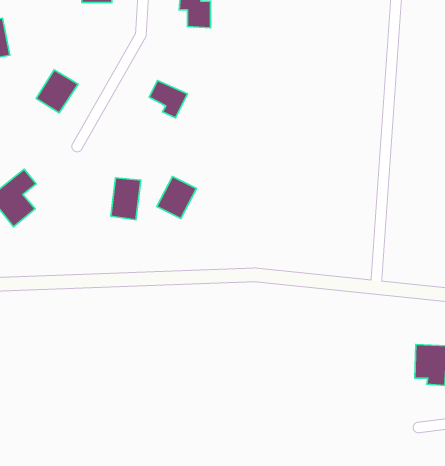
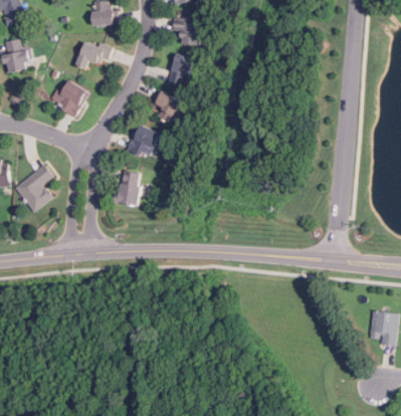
building: none -> [75,40,108,71]
building: none -> [166,52,191,86]
building: [157,176,197,218] -> [126,124,159,159]

